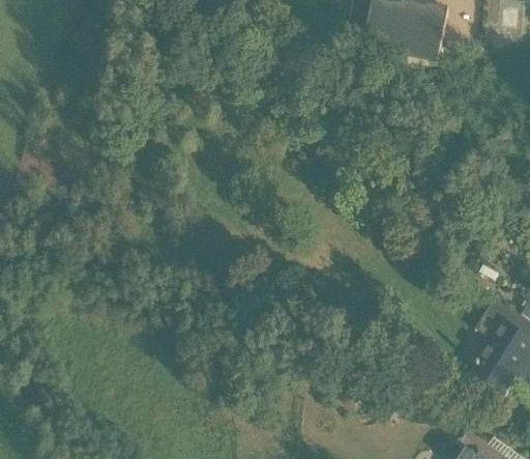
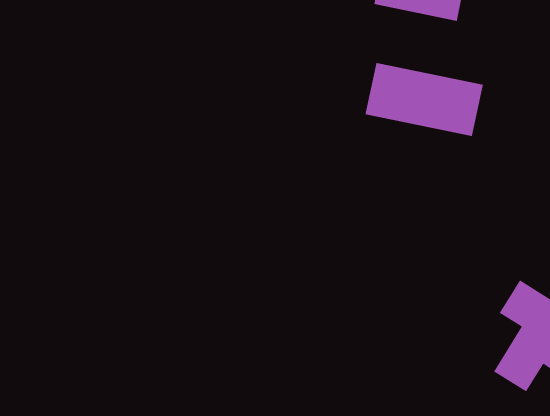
building: none -> [365,62,483,137]

